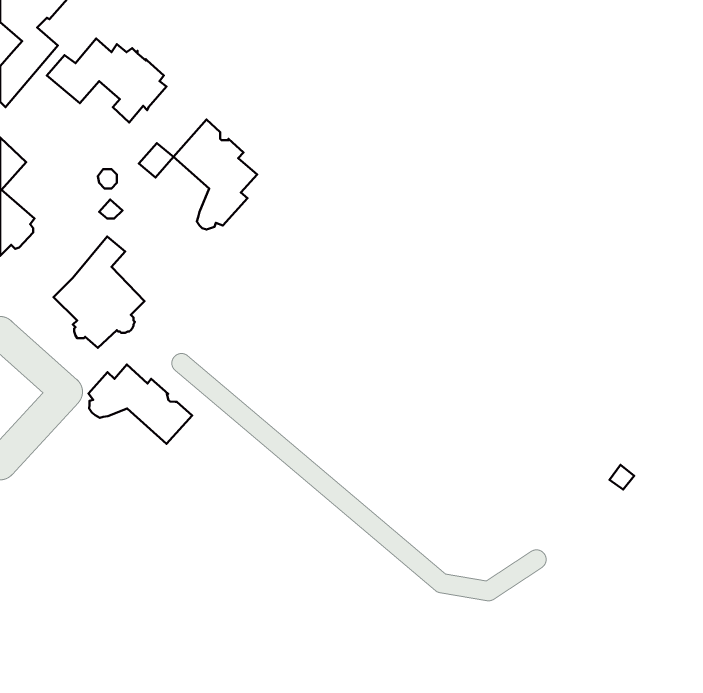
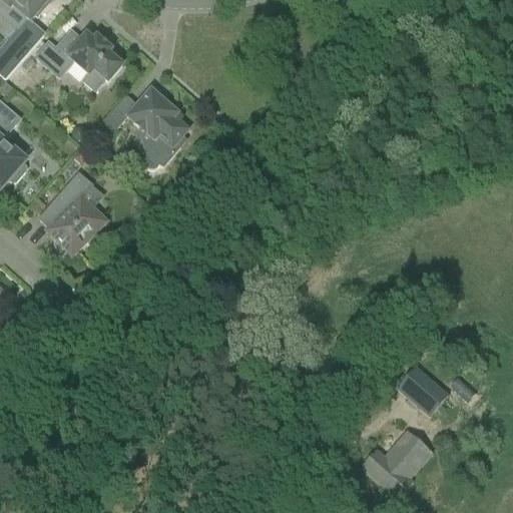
building: [89,365,192,444] -> none
building: none -> [396,365,448,415]
building: none -> [361,429,432,498]

